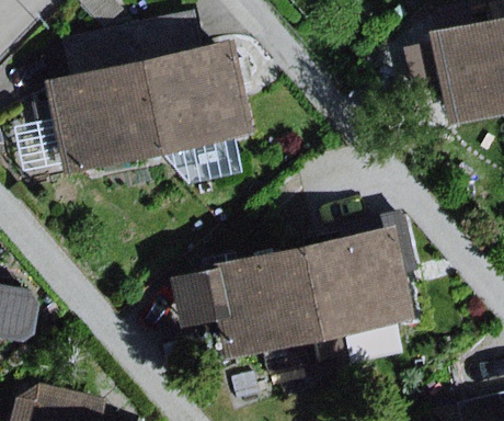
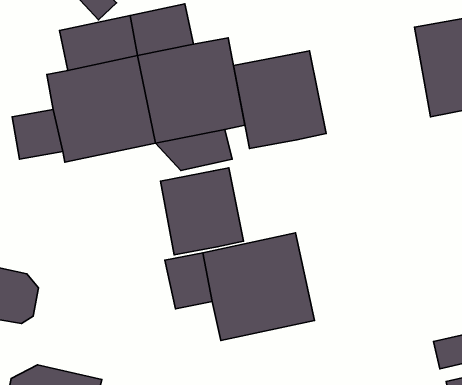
building: none -> [234,51,326,149]
building: none -> [160,168,244,255]
building: [308,228,416,339] -> none

